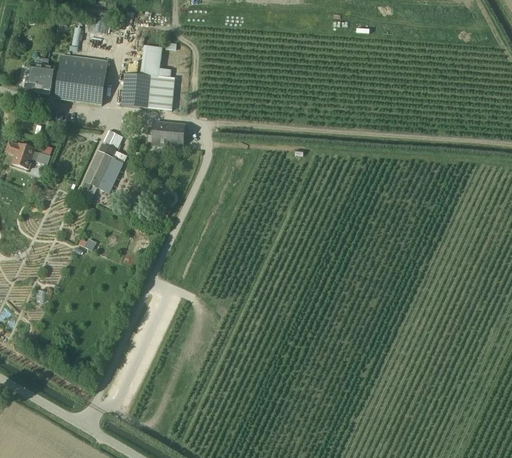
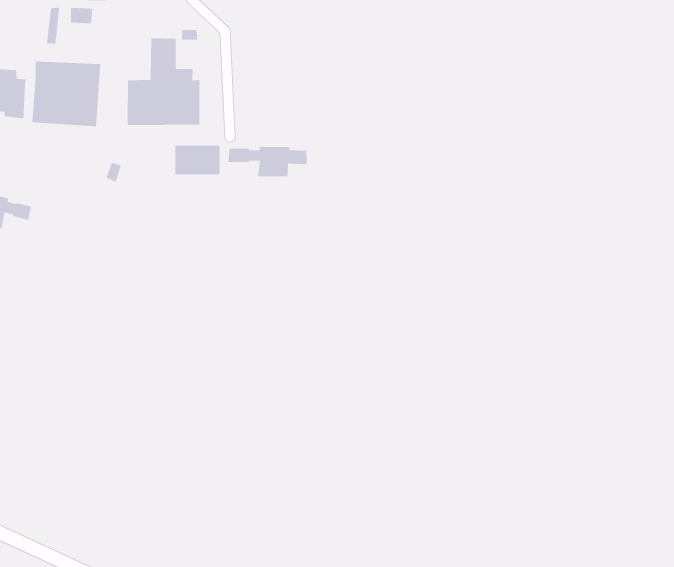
building: none -> [228,146,308,177]
building: [85,143,124,192] -> none

